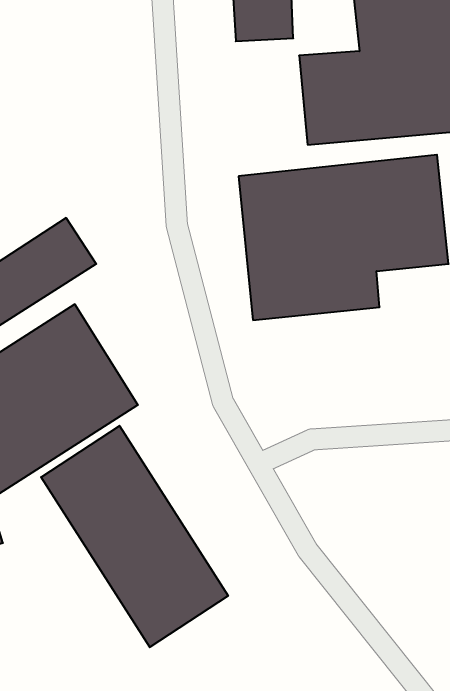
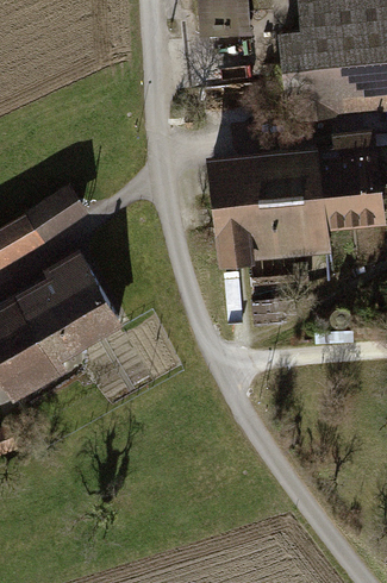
building: [41,426,228,647] -> none

